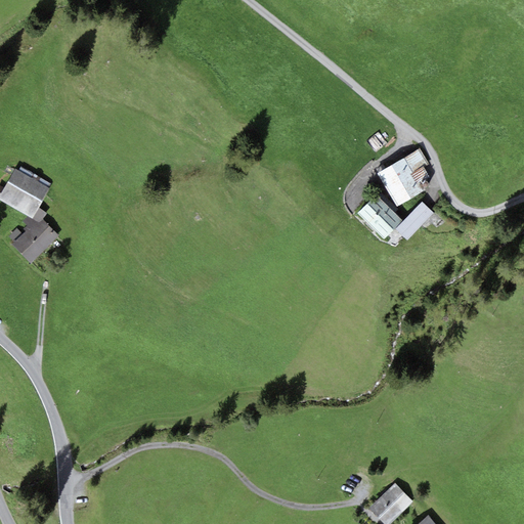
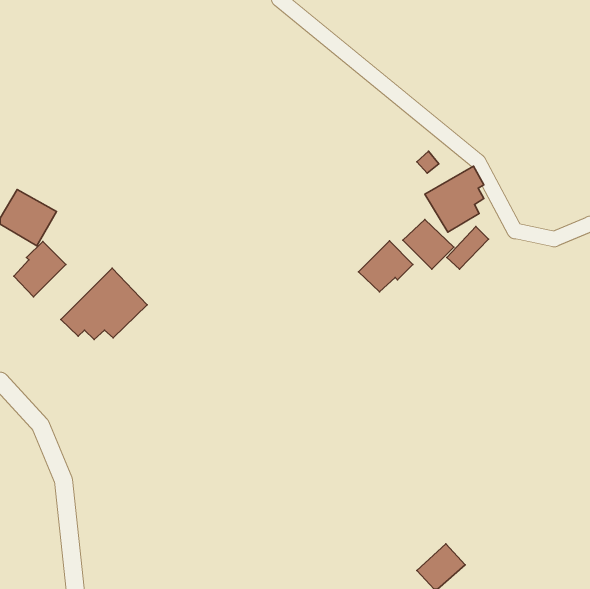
building: none -> [358,241,413,292]
building: none -> [61,268,147,340]

